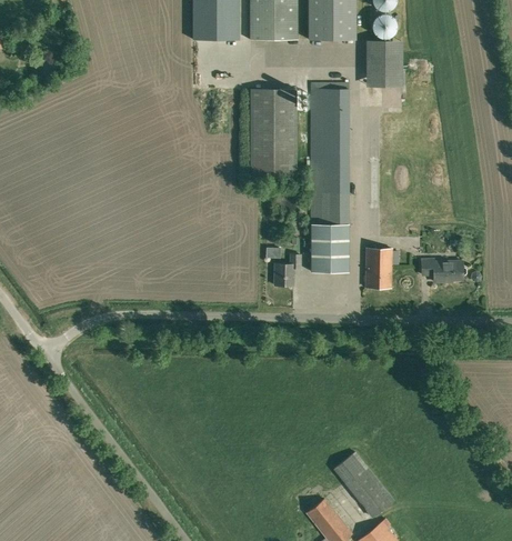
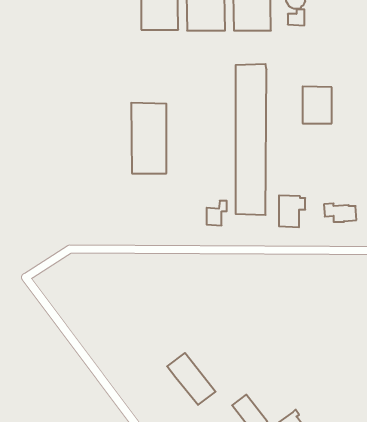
building: [369,37,405,83] -> [303,86,332,123]
building: [251,89,295,178] -> [131,103,166,173]
building: [333,451,394,517] -> [167,353,216,405]

